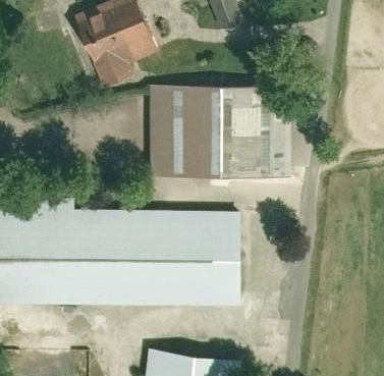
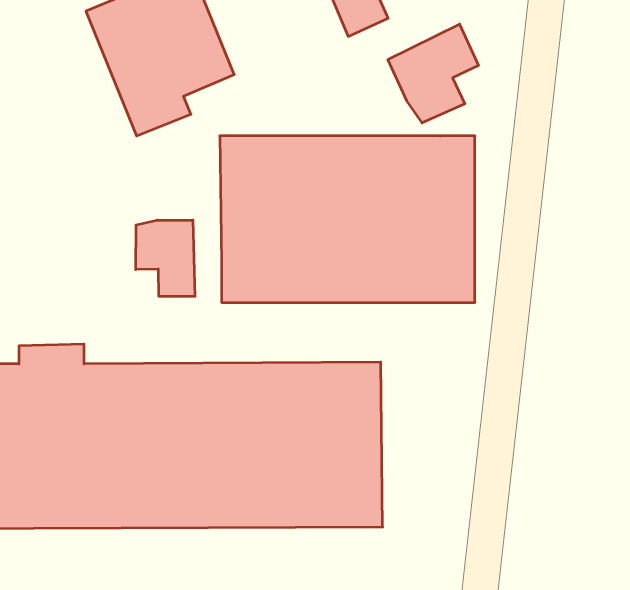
building: none -> [388,24,478,123]
building: none -> [136,220,195,296]

